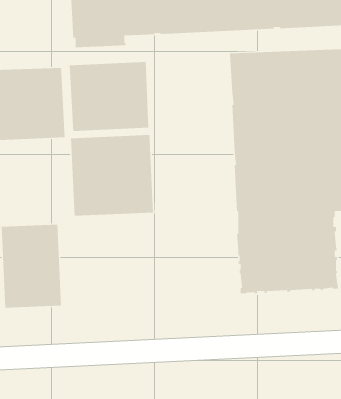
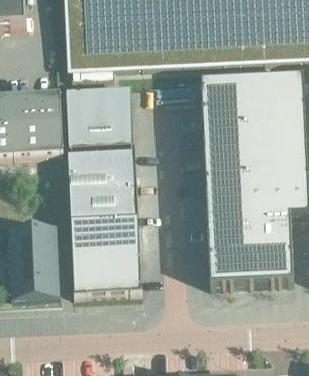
building: none -> [71,214,142,292]

